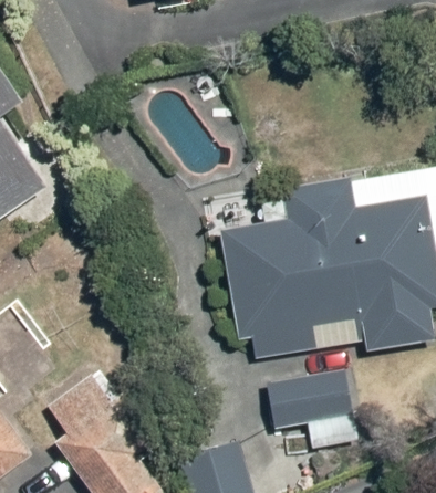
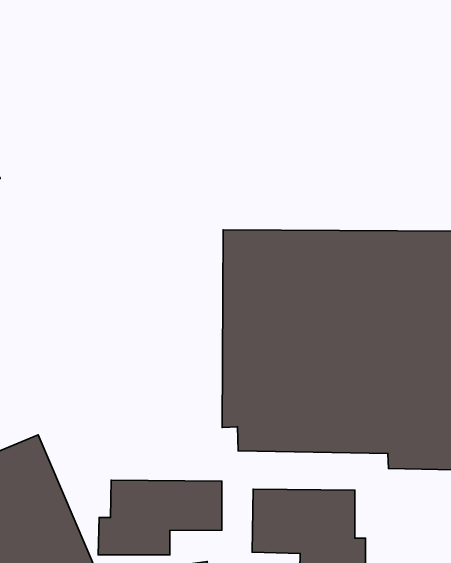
building: none -> [98,480,222,555]

